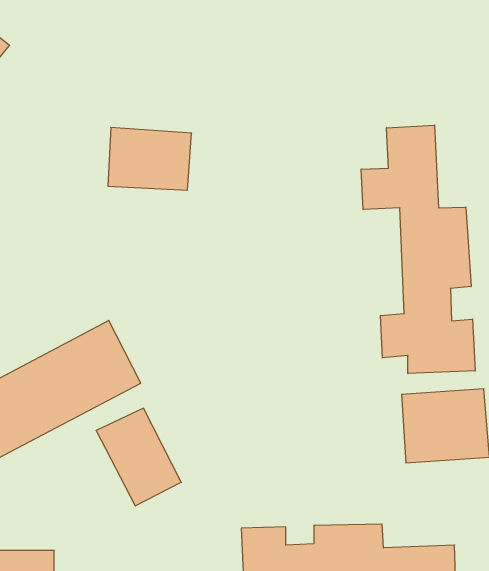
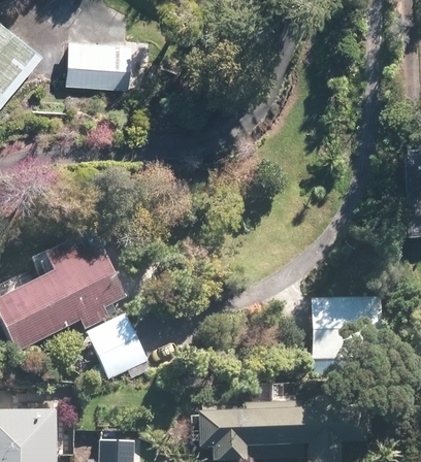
building: [361,125,475,374] -> none
building: [108,127,192,190] -> [70,43,132,90]

